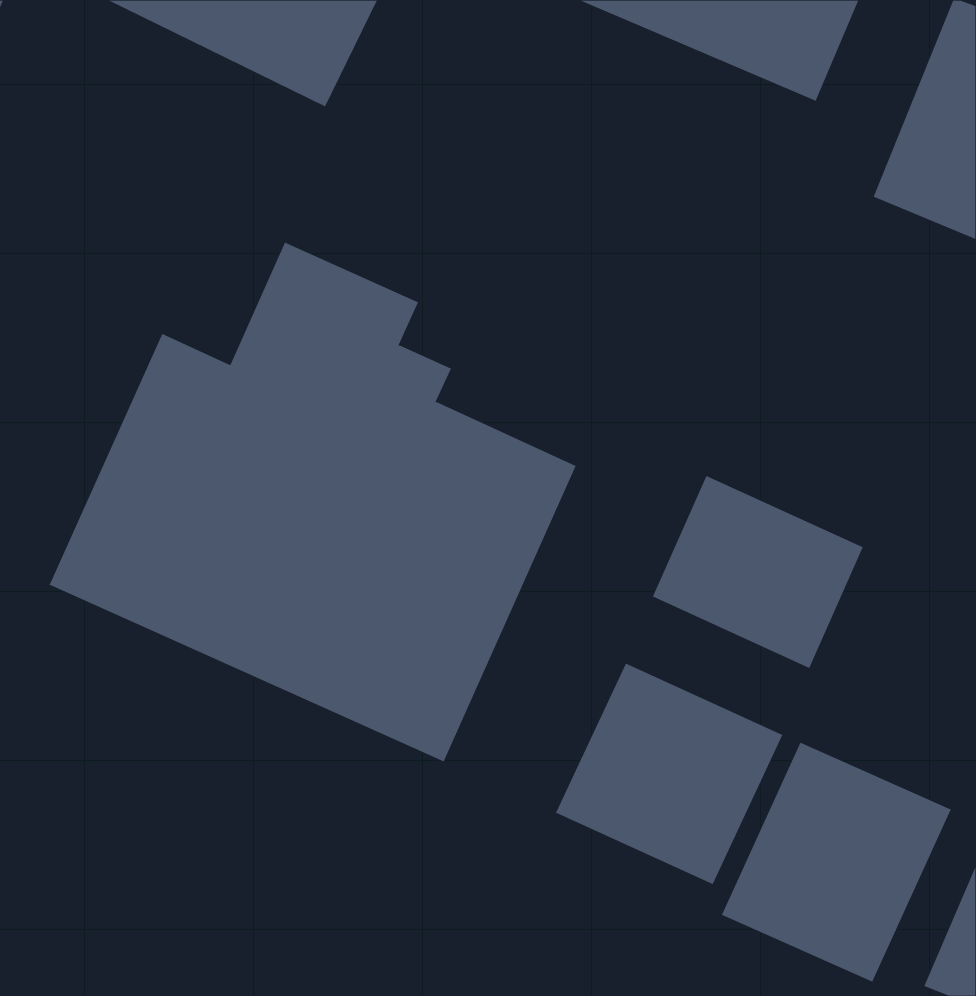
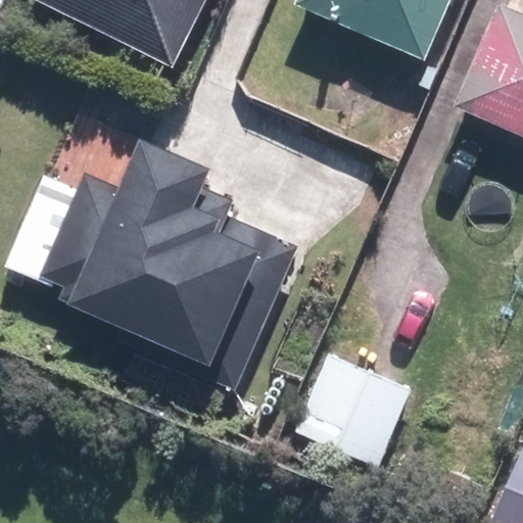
building: [652,475,863,669] -> none
building: [721,742,952,982] -> none

